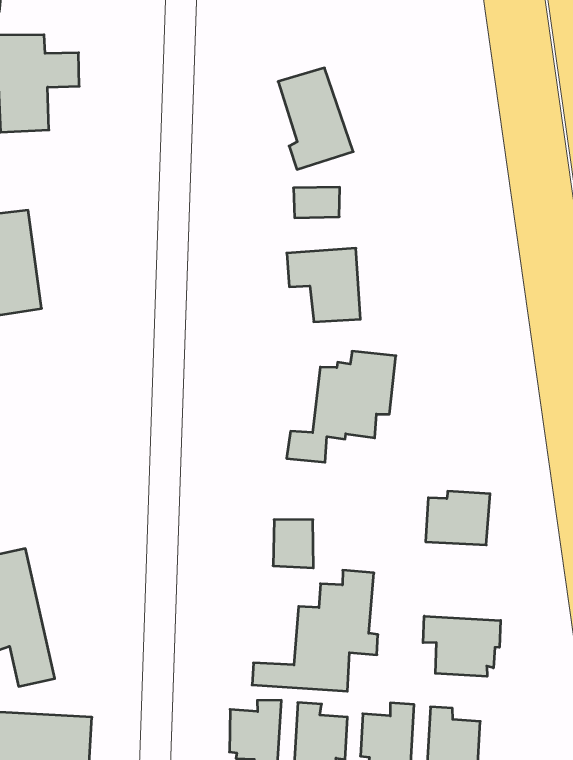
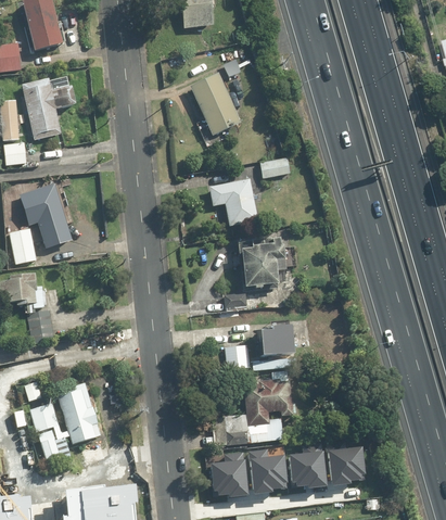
building: [293,187,340,218] -> [259,156,289,178]
building: [426,491,490,545] -> [254,324,292,357]
building: [423,616,501,676] -> none

